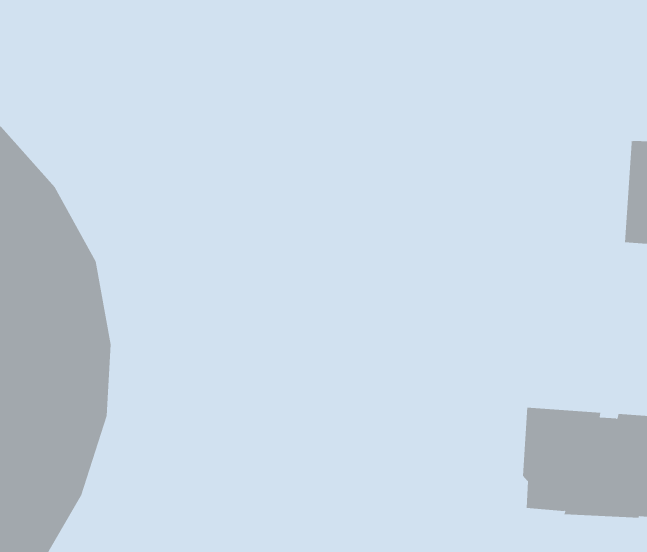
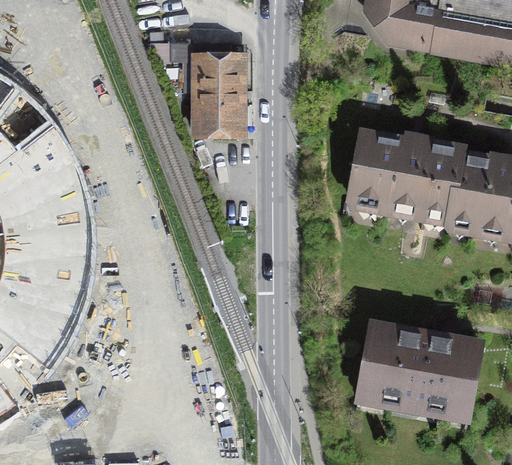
building: none -> [168,44,234,132]
building: none -> [348,135,459,223]

